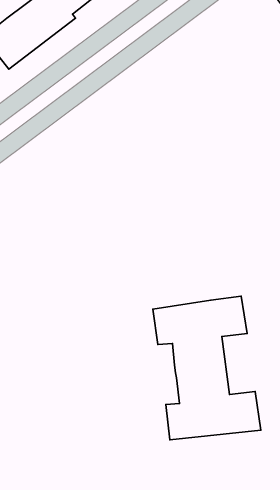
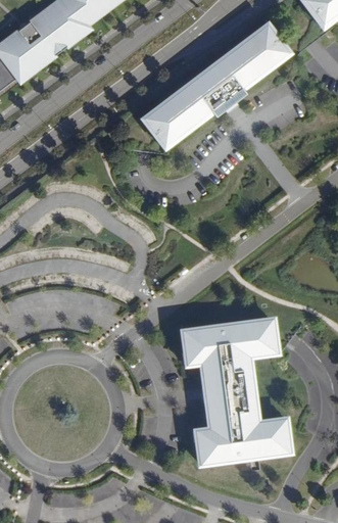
building: none -> [145,22,292,147]

